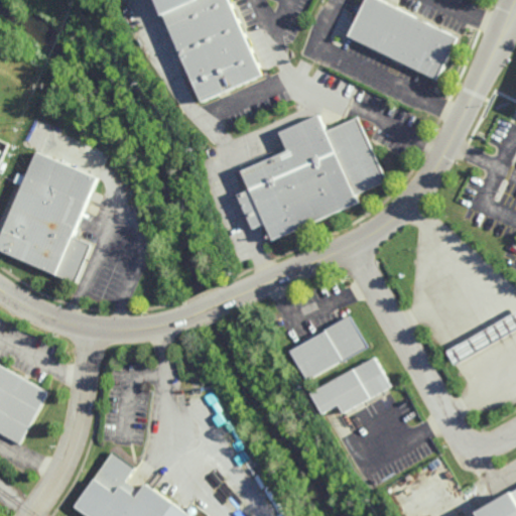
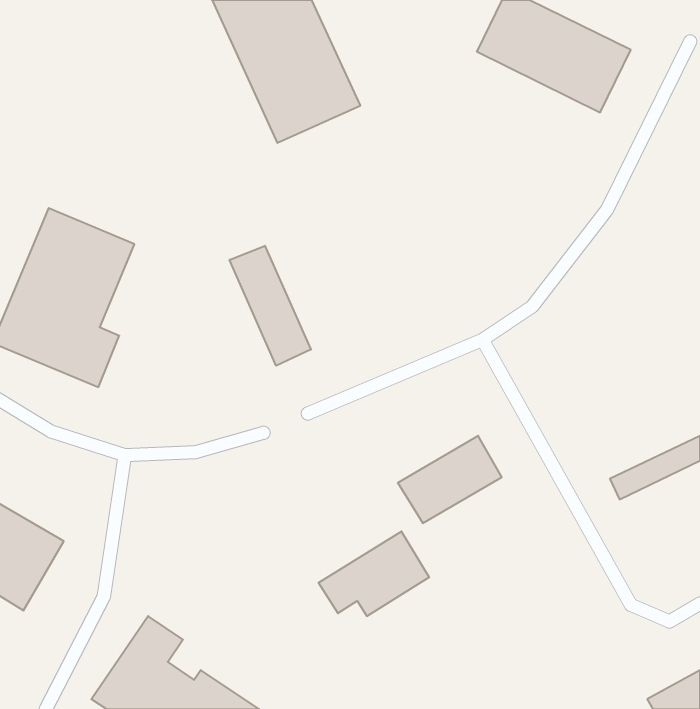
building: [237,114,386,239] -> none
building: none -> [230,246,311,366]
building: [310,355,391,416] -> [318,531,429,616]

